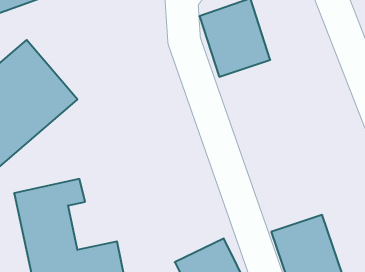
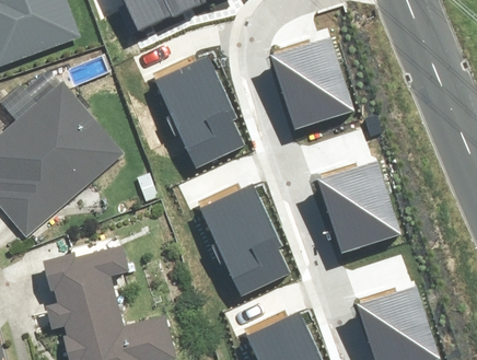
building: none -> [150,60,243,173]
building: none -> [313,165,396,256]
building: none -> [194,186,287,299]

